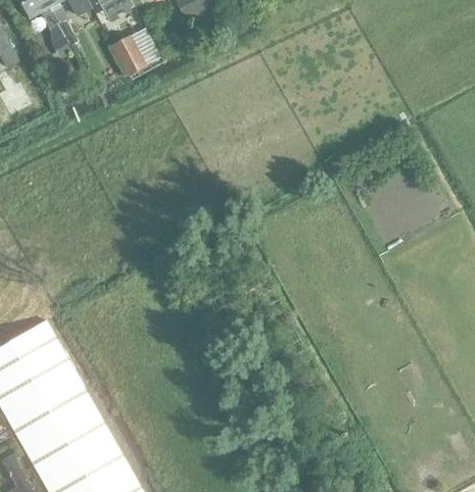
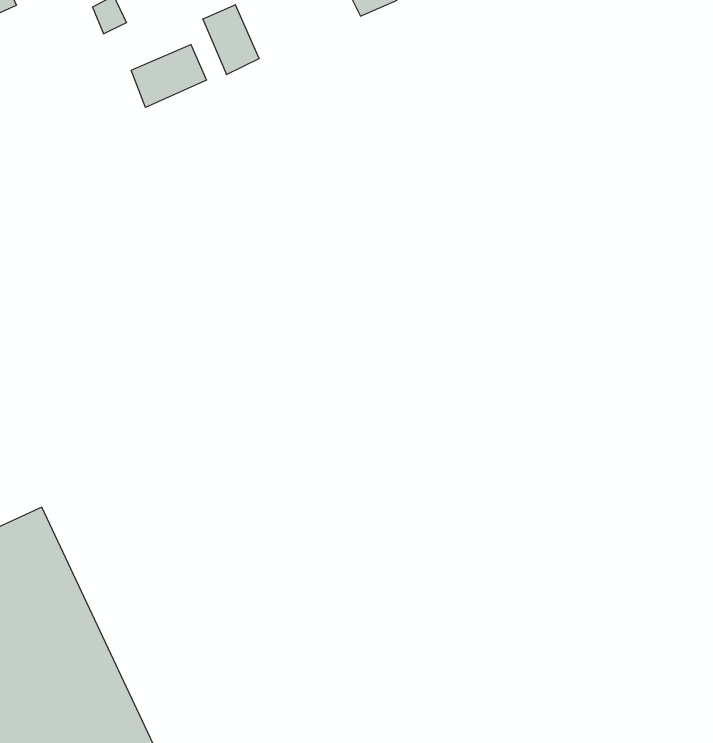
building: none -> [131,44,207,107]

